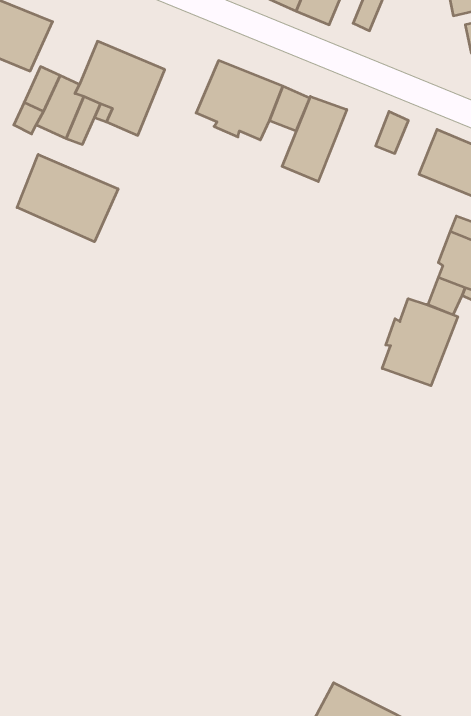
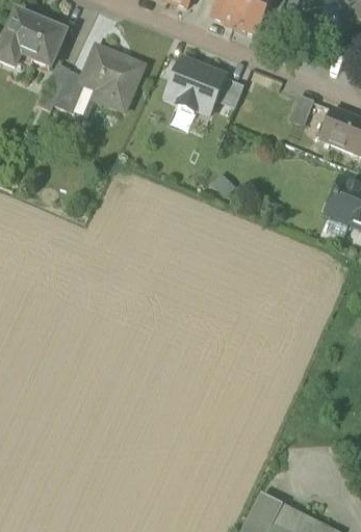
building: [282,96,347,182] -> none
building: [17,154,118,242] -> none
building: [382,299,458,386] -> none

